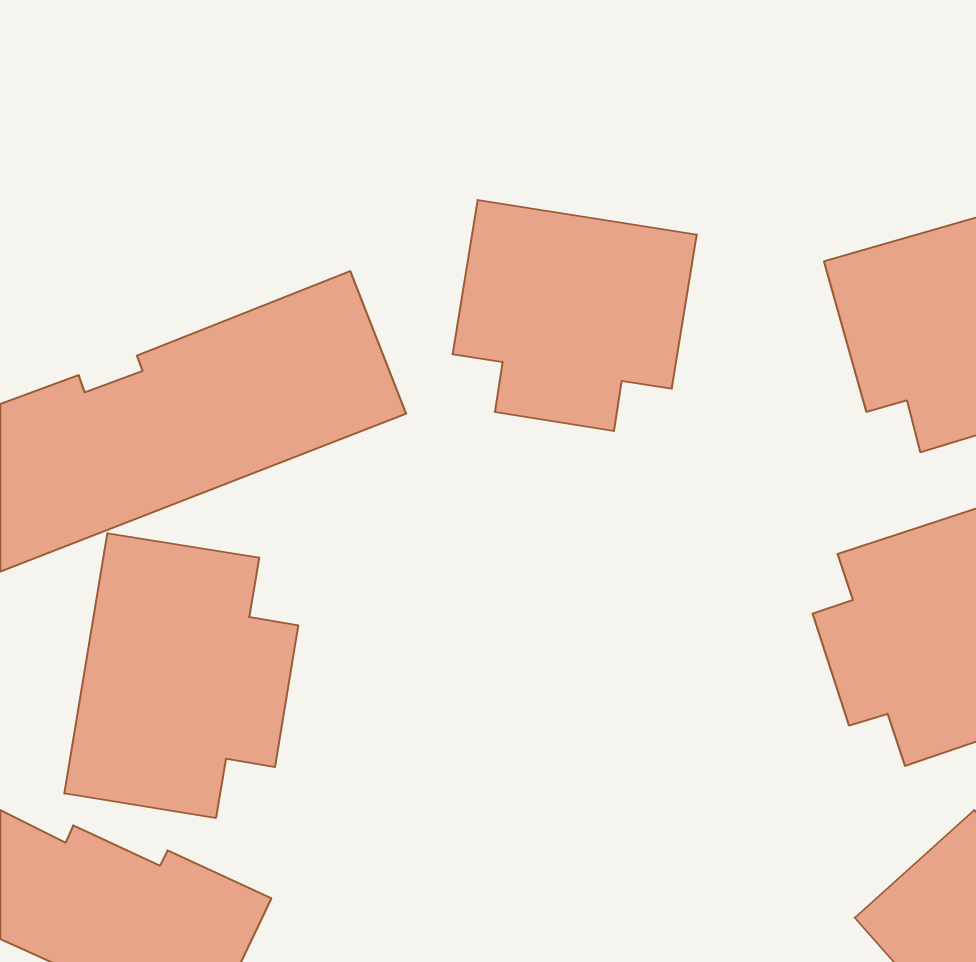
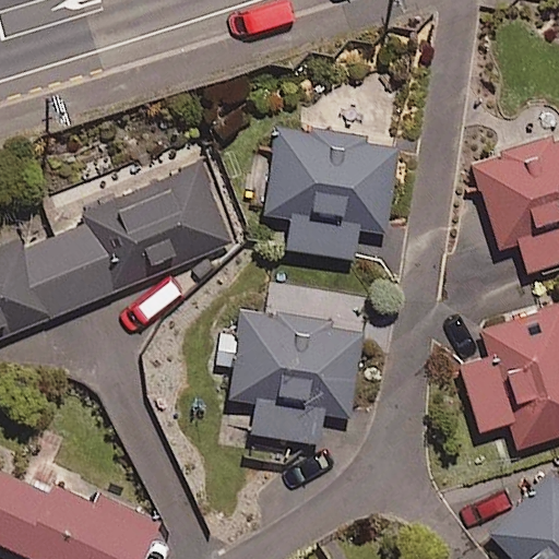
building: none -> [217,307,367,468]
building: [64,533,298,818] -> none

